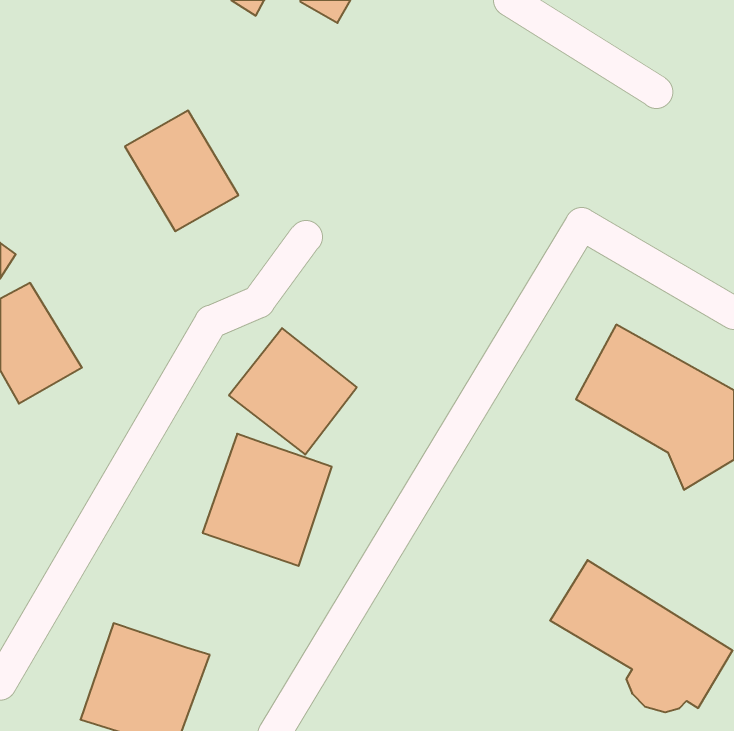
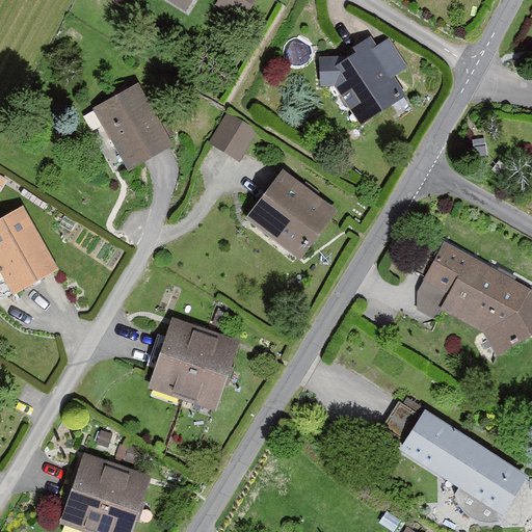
building: none -> [319,36,407,125]
building: none -> [211,117,264,167]
building: [229,328,357,455] -> [244,168,337,260]

